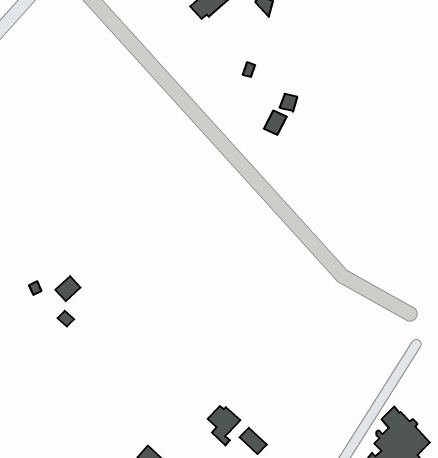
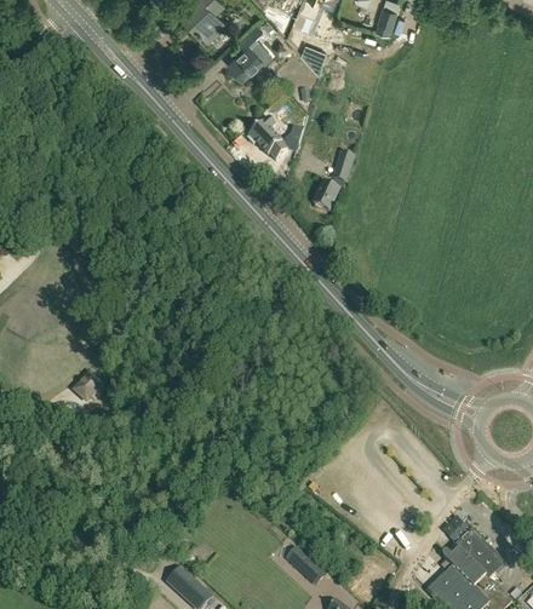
building: none -> [248,117,287,162]
building: [208,406,240,446] -> none

